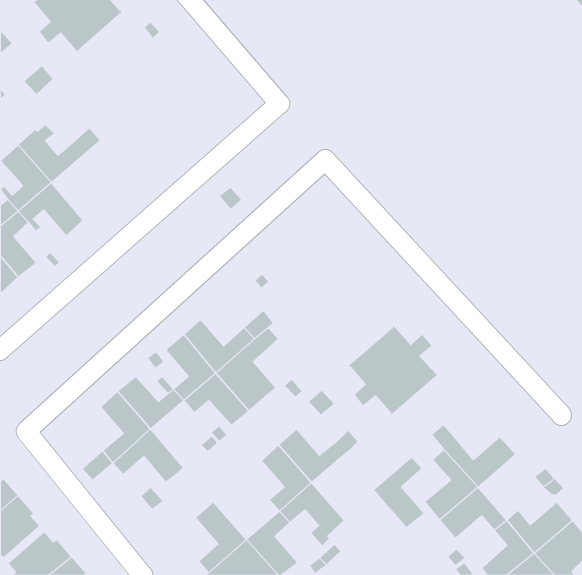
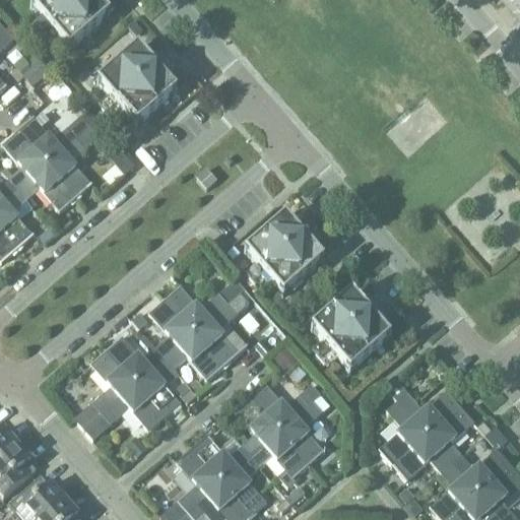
building: none -> [98,44,177,124]
building: none -> [47,125,100,196]
building: none -> [244,212,324,294]
building: none -> [135,356,181,416]
building: none -> [427,404,474,463]
building: [373,457,424,528] -> [278,400,324,463]
building: none -> [191,433,250,480]

